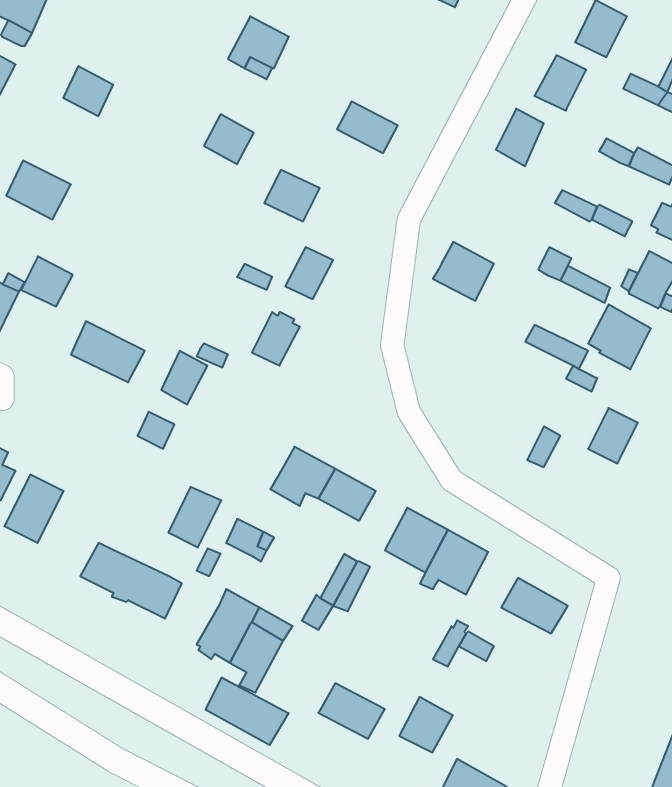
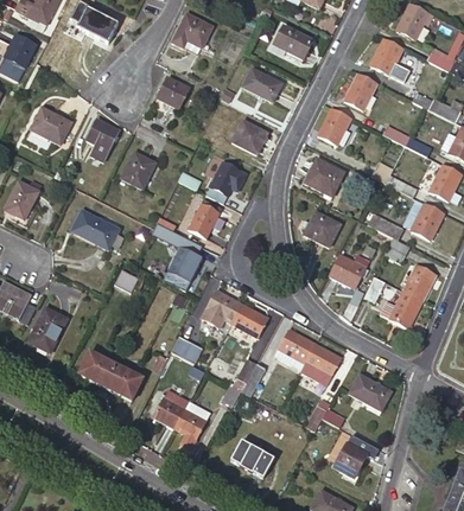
building: none -> [273,25,312,58]
building: [63,66,113,116] -> [85,11,117,43]
building: none -> [317,108,350,143]
building: [264,170,320,221] -> [231,120,267,153]
building: none -> [121,151,155,187]
building: [21,256,73,306] -> [85,117,119,149]
building: none -> [303,210,339,247]
building: [161,351,207,405] -> [167,245,197,280]
building: none -> [329,254,368,288]
building: none -> [383,290,422,327]
building: [169,487,221,548] -> none
building: [206,677,289,745] -> none
building: [399,697,453,752] -> [332,442,367,478]

